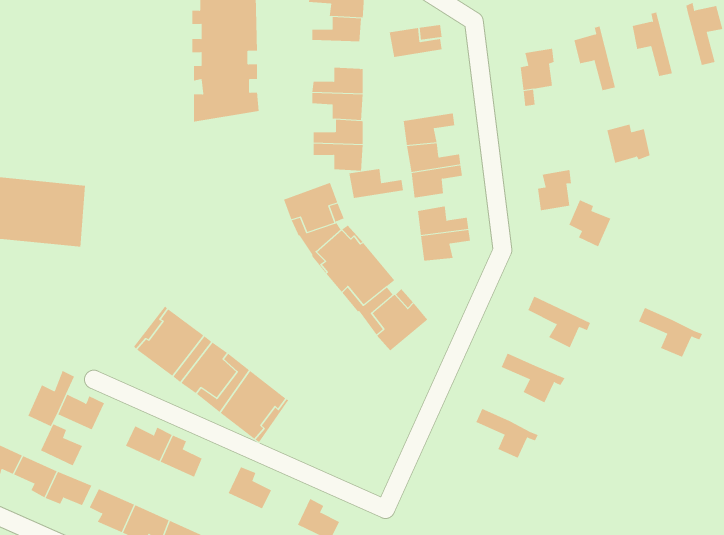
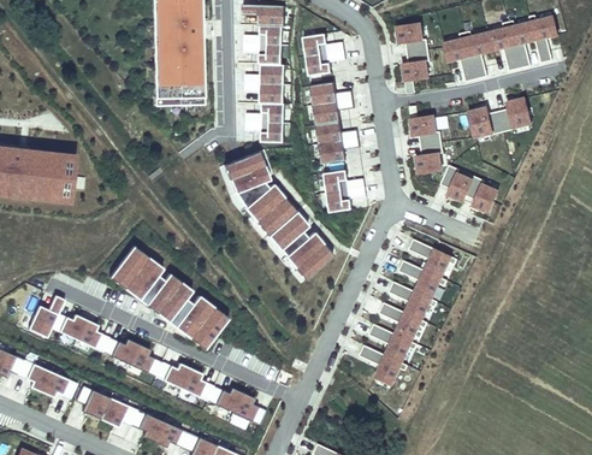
building: none -> [508,20,535,69]
building: none -> [397,23,428,53]
building: none -> [464,31,492,79]
building: none -> [243,43,282,65]
building: none -> [307,51,345,76]
building: none -> [498,98,532,131]
building: none -> [410,116,442,146]
building: [349,168,404,198] -> [310,82,353,105]
building: none -> [466,176,498,212]
building: [638,307,703,358] -> [398,260,448,299]
building: none -> [379,302,427,342]
building: [40,424,83,466] -> [77,320,109,353]
building: none -> [360,344,408,384]
building: none -> [155,362,190,389]
building: none -> [207,386,243,413]

